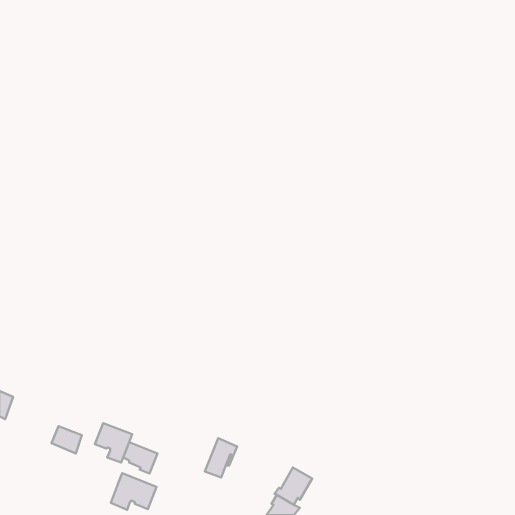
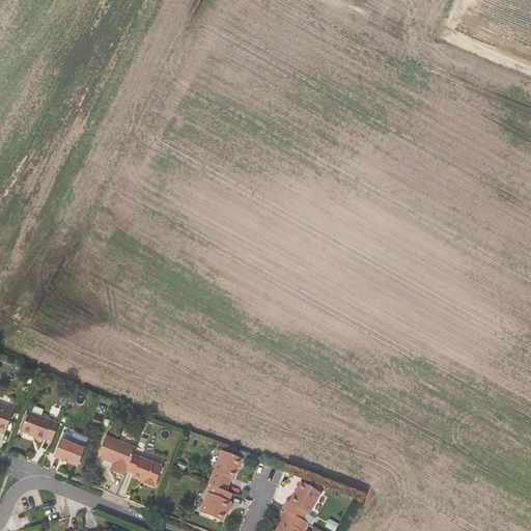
building: none -> [21,411,58,440]
building: [111,473,157,510] -> none
building: none -> [200,492,231,520]

